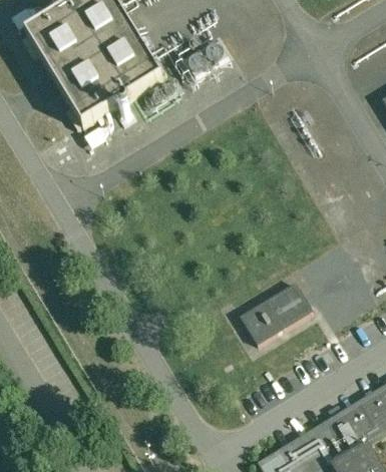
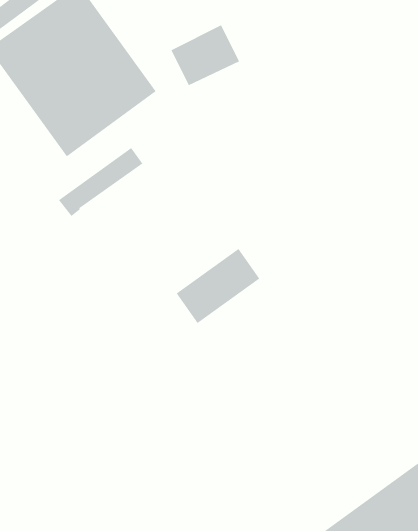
building: none -> [58,147,143,217]
building: [245,290,314,348] -> [176,248,260,324]

